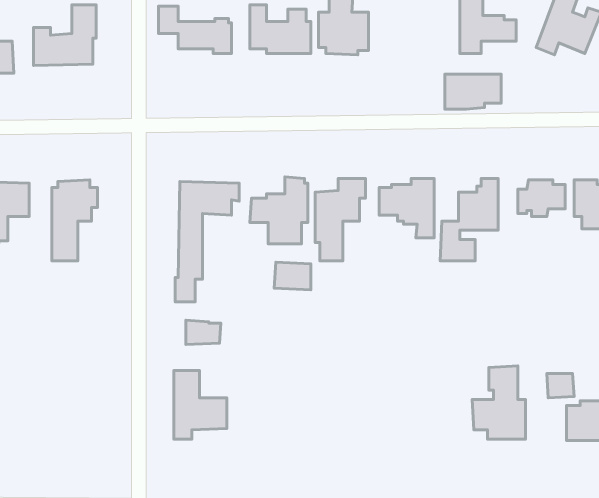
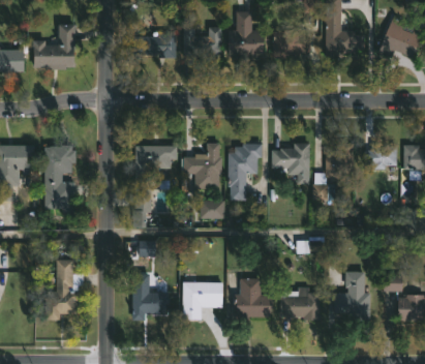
building: [445,74,501,109] -> [272,34,310,58]
building: none -> [44,259,84,320]
building: none -> [234,277,273,322]
building: none -> [183,281,222,318]
building: none -> [281,286,320,321]

